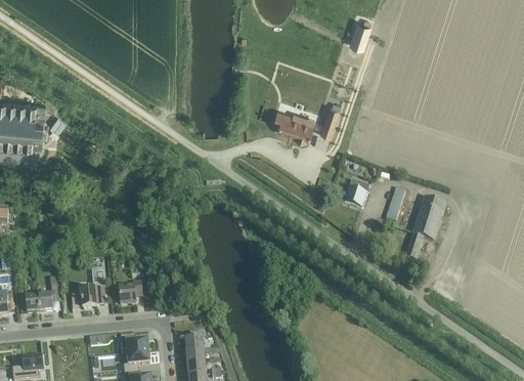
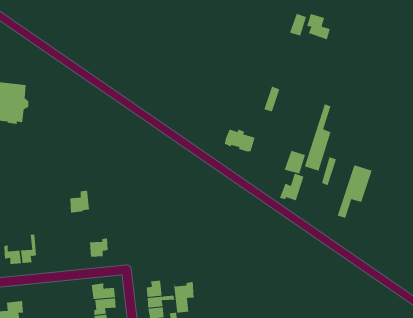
building: none -> [307,13,331,40]
building: [276,111,313,138] -> [224,129,256,153]
building: none -> [304,103,331,171]
building: none -> [279,173,304,203]
building: [80,280,103,306] -> [69,190,90,213]
building: none -> [174,281,194,313]

